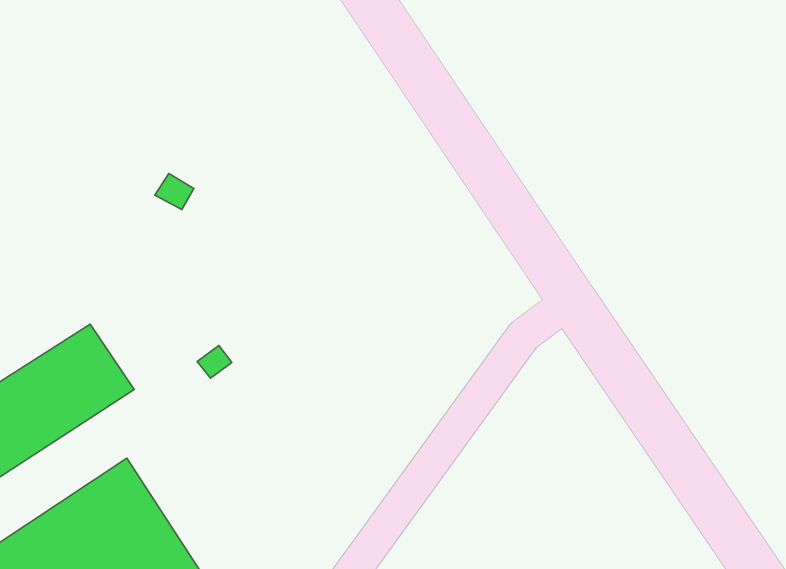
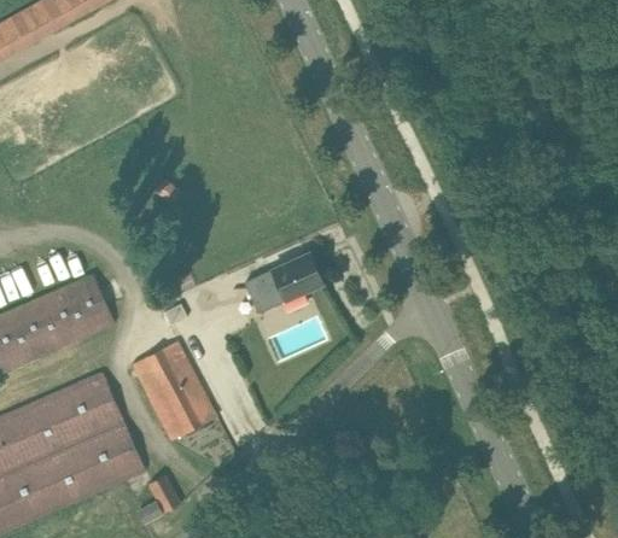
building: none -> [244,253,321,314]
building: none -> [130,341,216,440]

